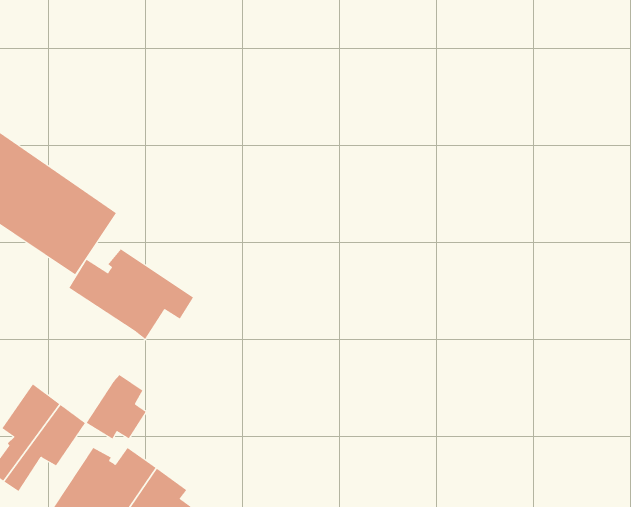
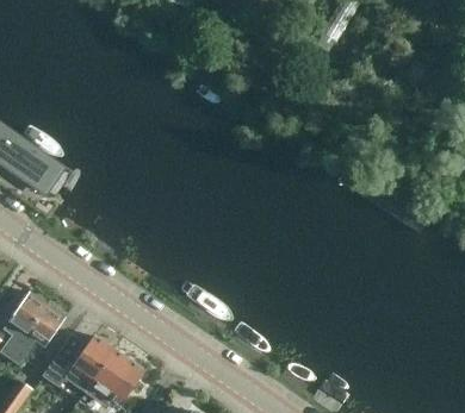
building: [69,249,194,340] -> none
building: [86,374,147,440] -> none

